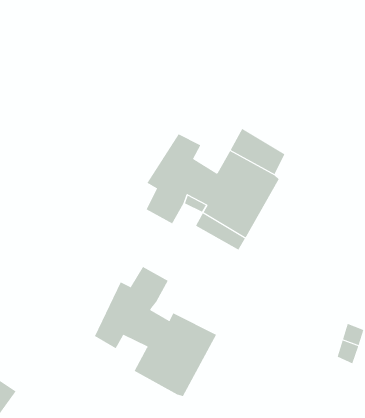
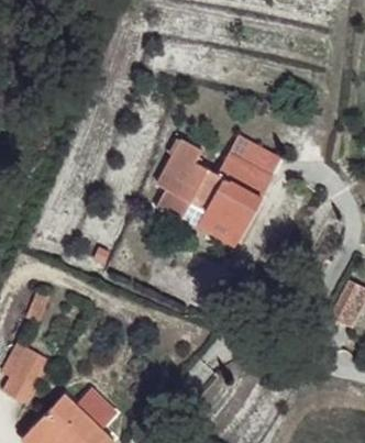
building: [94,266,217,397] -> none

